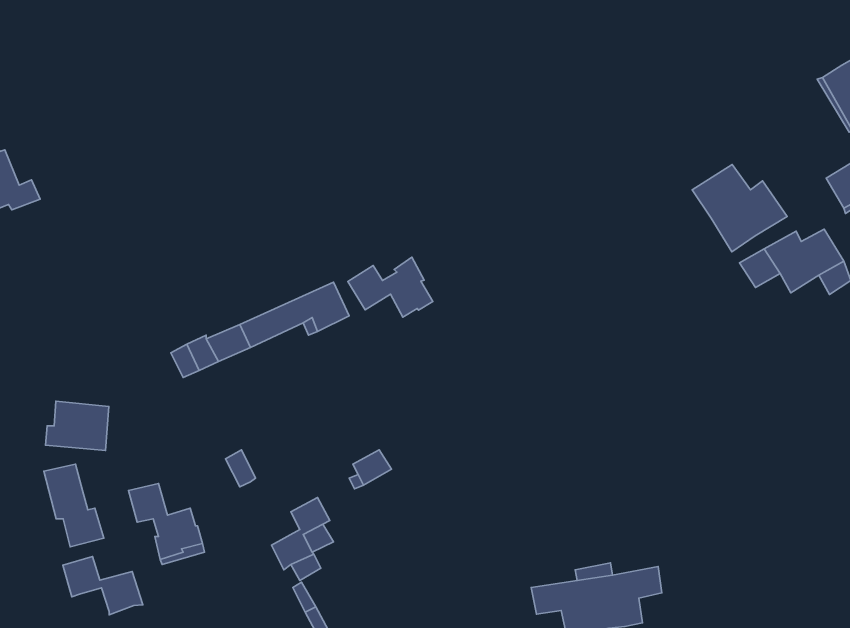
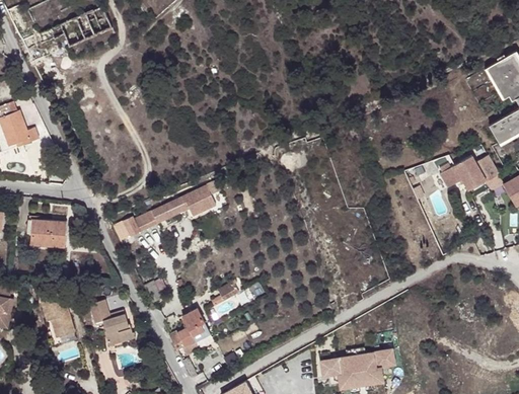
building: [692,165,787,252] -> none
building: [348,257,433,317] -> none
building: [45,401,109,451] -> [29,218,66,246]
building: [63,557,143,615] -> none

